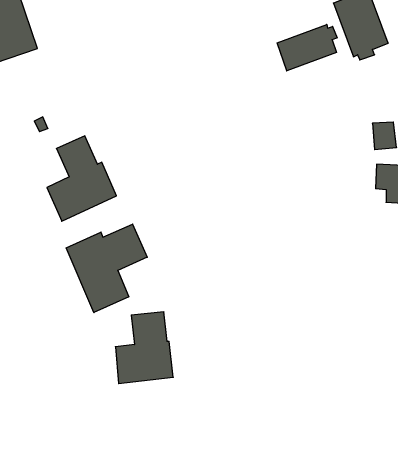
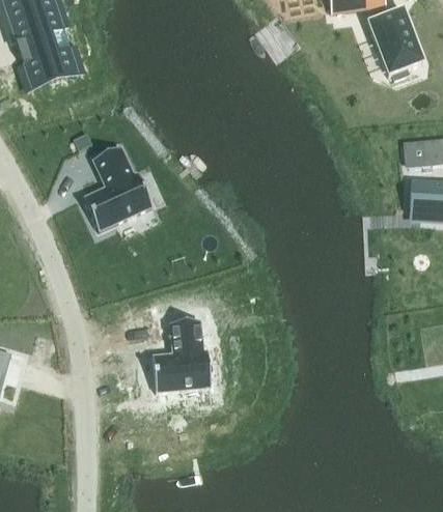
building: [277,24,337,71] -> none
building: [66,224,147,313] -> none

